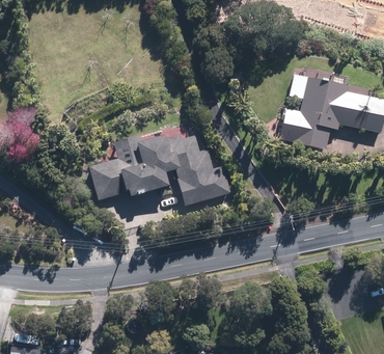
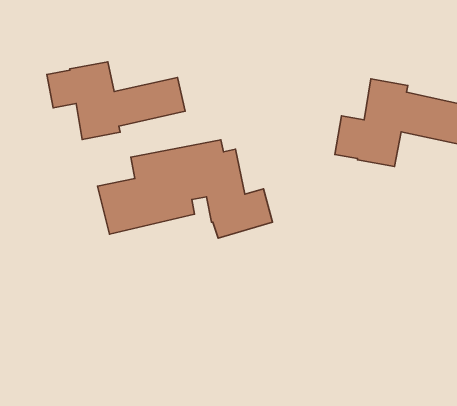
building: none -> [47,62,185,139]

